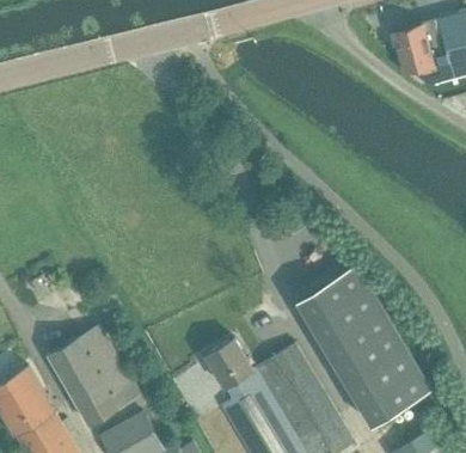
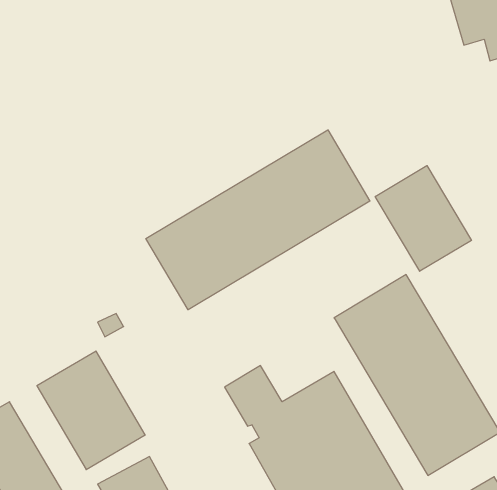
building: none -> [146,130,370,310]
building: none -> [375,166,471,271]

